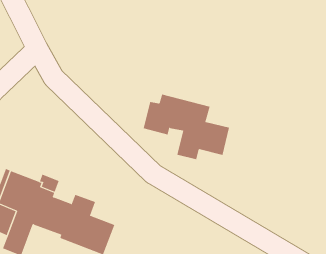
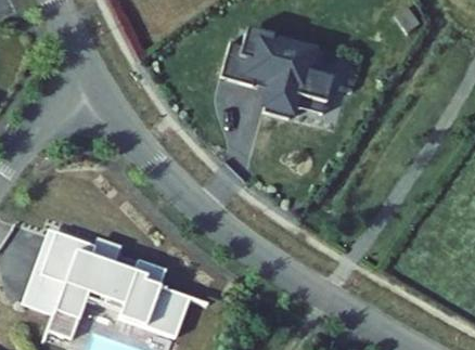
building: [143,94,230,160] -> [221,30,333,115]

